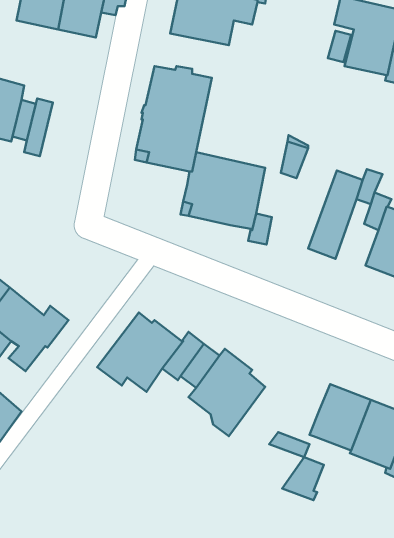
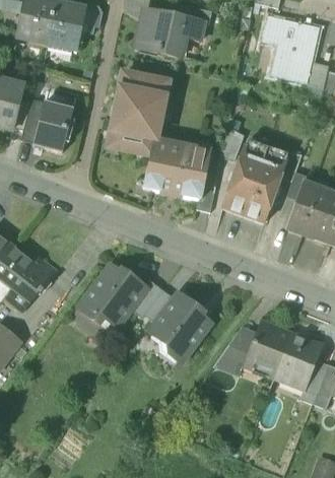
building: none -> [34,100,74,151]
building: none -> [222,146,266,214]
building: [282,457,324,500] -> [220,333,253,366]

